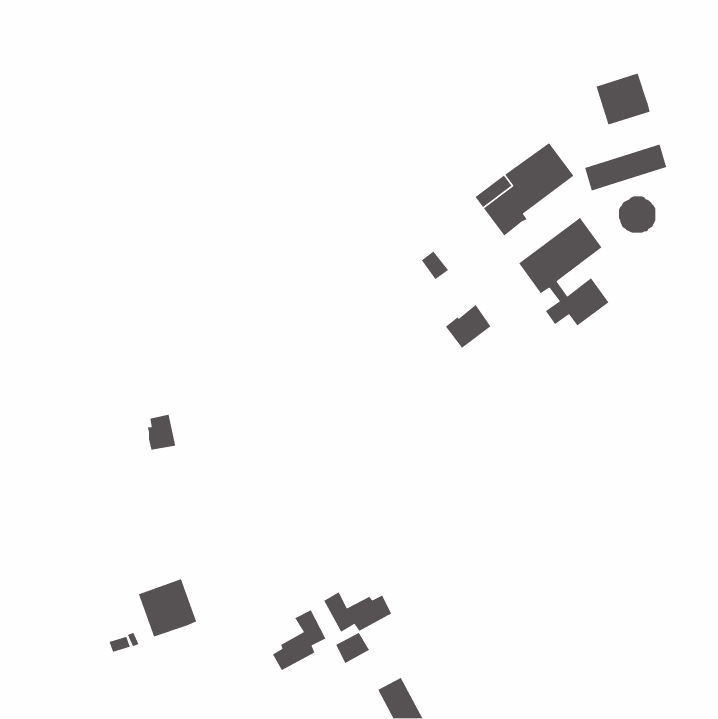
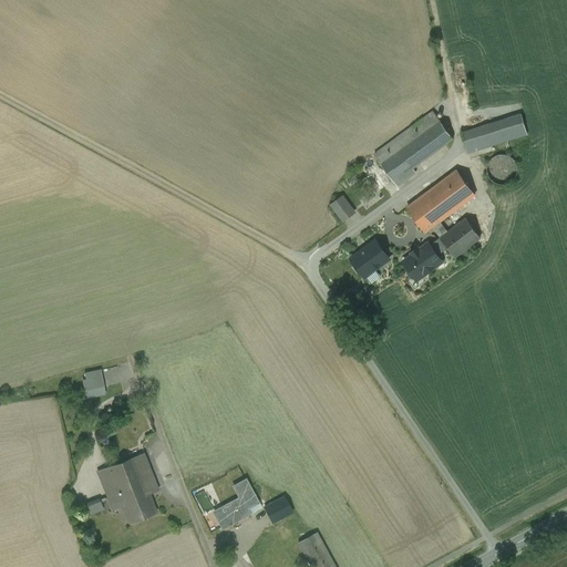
building: [596,73,650,125] -> none
building: none -> [402,244,441,280]
building: [147,414,176,450] -> [81,369,104,398]
building: [323,591,392,633] -> none
building: none -> [121,493,154,522]

